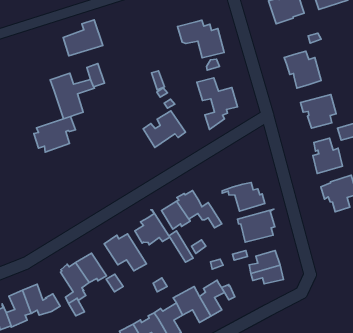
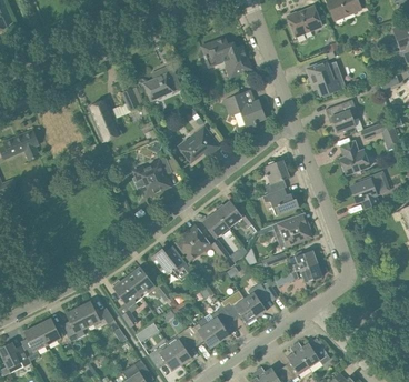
building: [63,20,103,56] -> [143,64,181,100]
building: [34,116,75,152] -> [133,159,172,194]
building: none -> [265,159,289,193]

